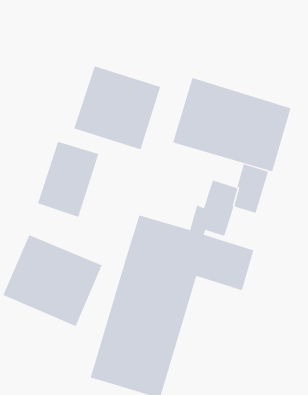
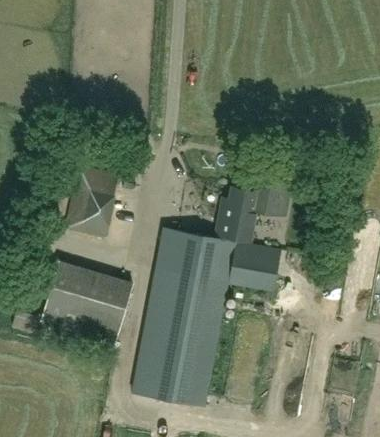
building: [74,65,161,150] -> none
building: [173,77,291,172] -> none

